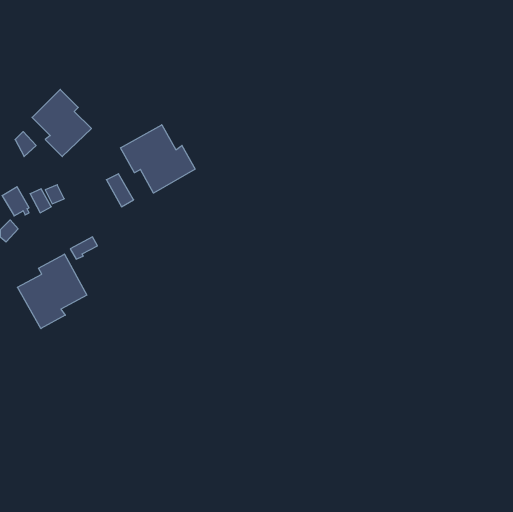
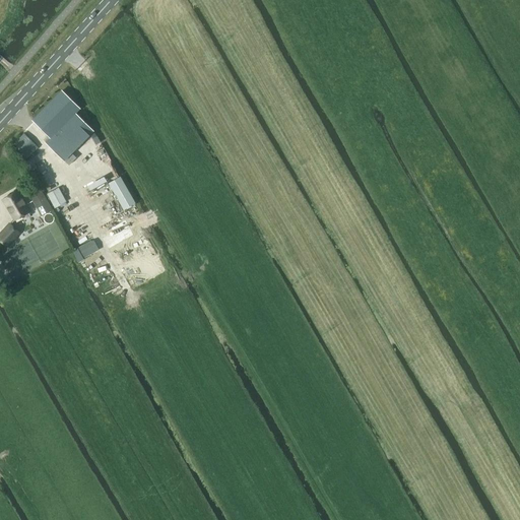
building: [121,125,195,193] -> none
building: [17,254,87,329] -> none

